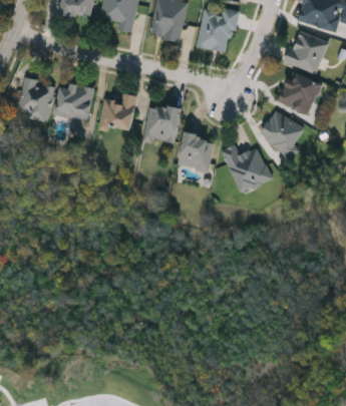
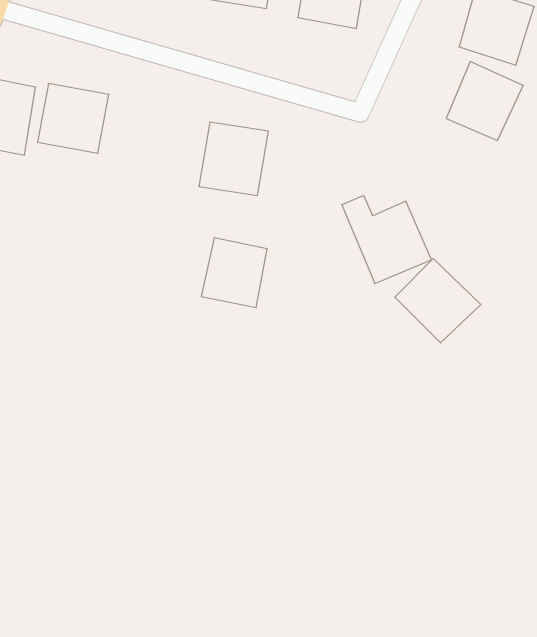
building: [98,94,137,134] -> none
building: [259,110,306,156] -> [395,259,481,343]
building: [178,133,214,171] -> [201,238,267,308]

